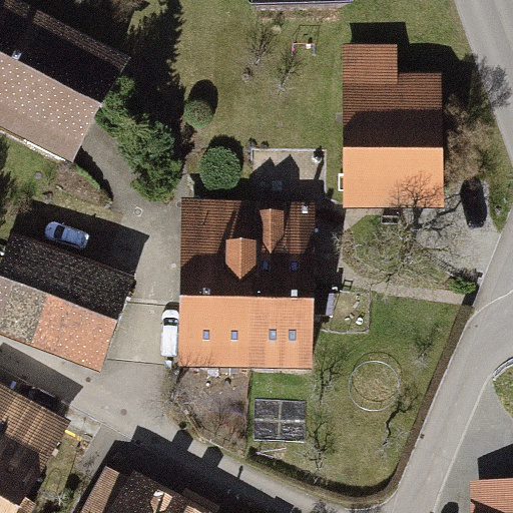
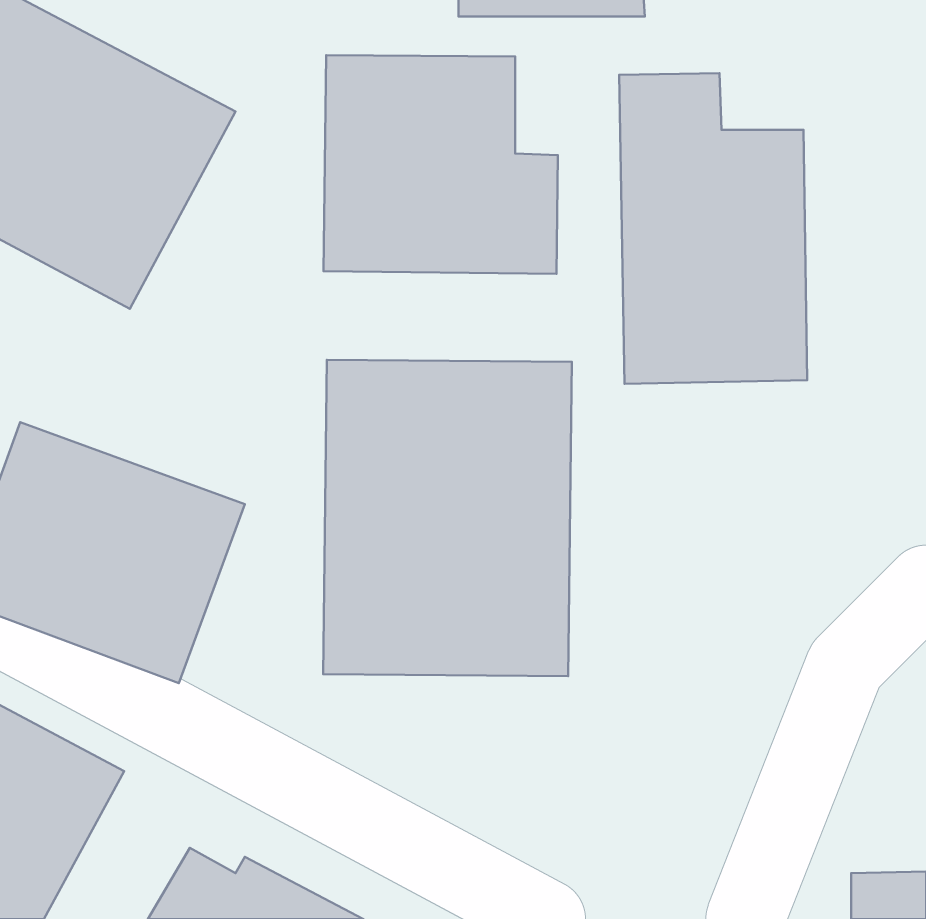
building: none -> [323,55,558,274]

